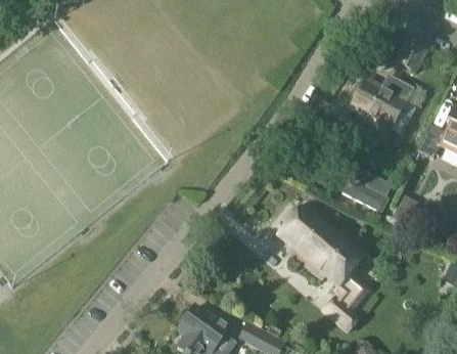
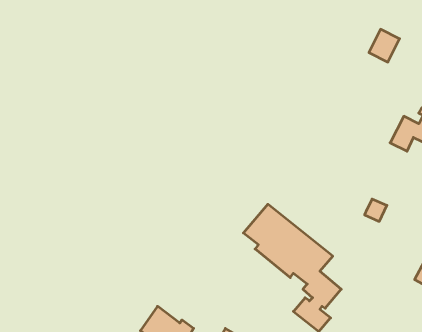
building: [349,74,413,137] -> none
building: [341,166,392,211] -> none

